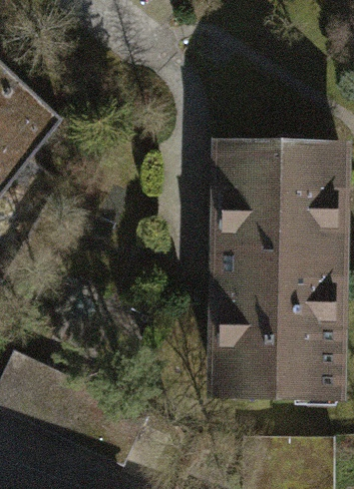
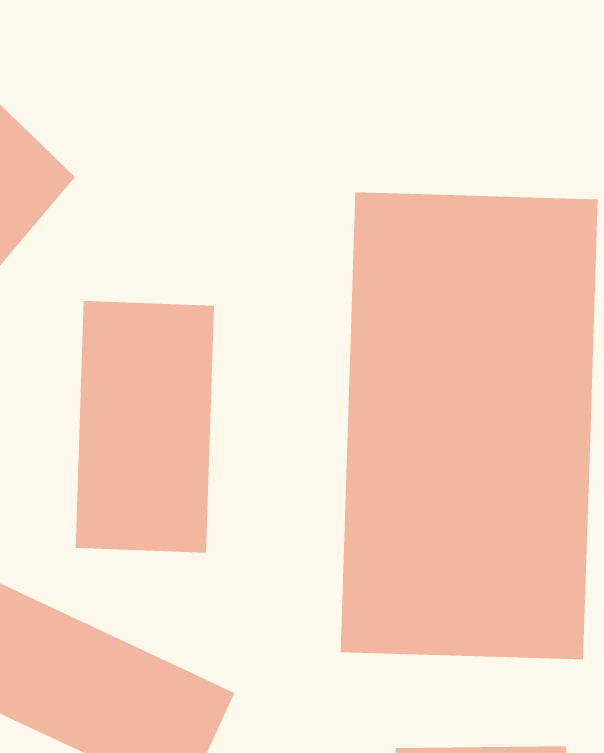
building: none -> [75,300,214,554]

